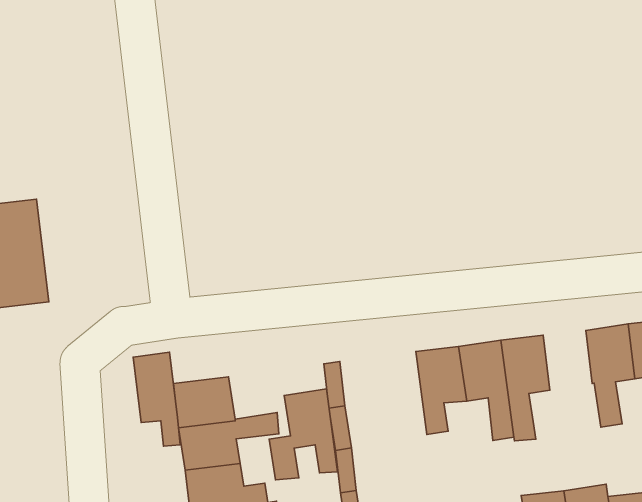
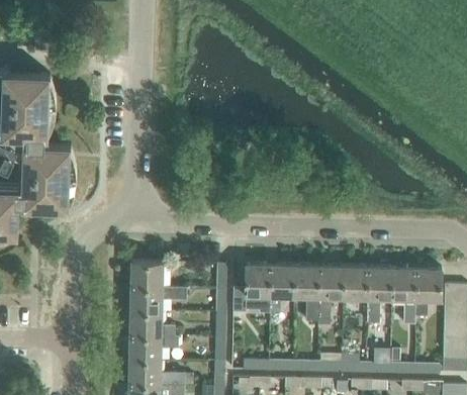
building: none -> [342,267,367,298]
building: [133,352,180,446] -> none
building: [269,389,338,480] -> [234,265,270,312]

